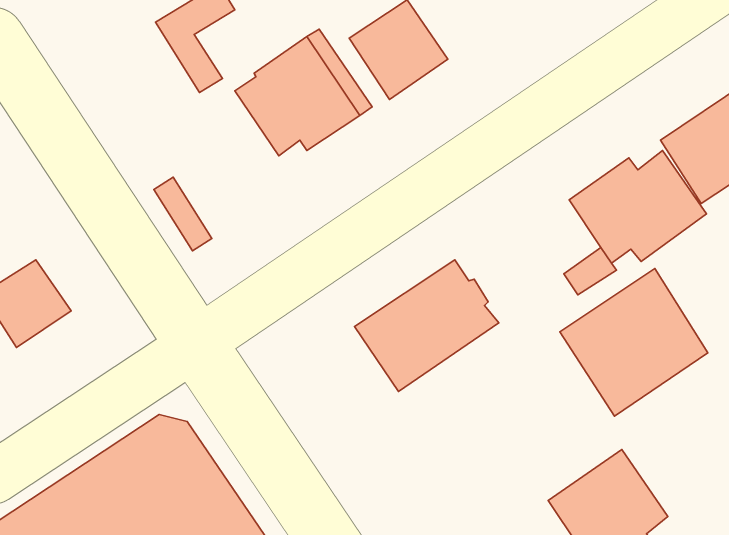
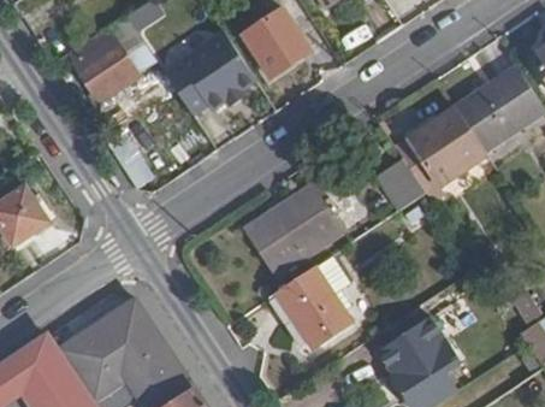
building: none -> [66,29,137,104]
building: [560,269,708,416] -> [274,250,375,352]

